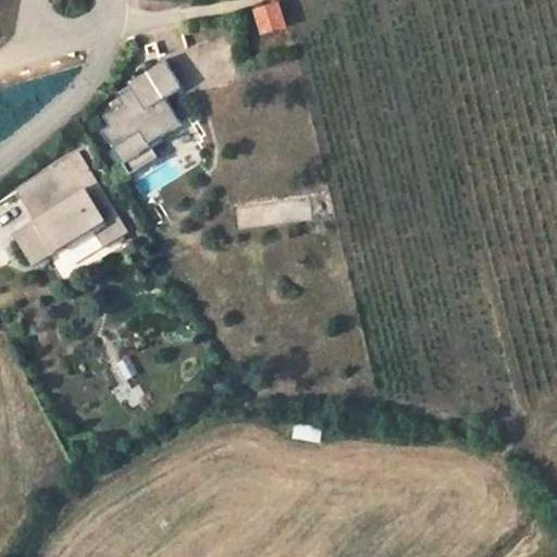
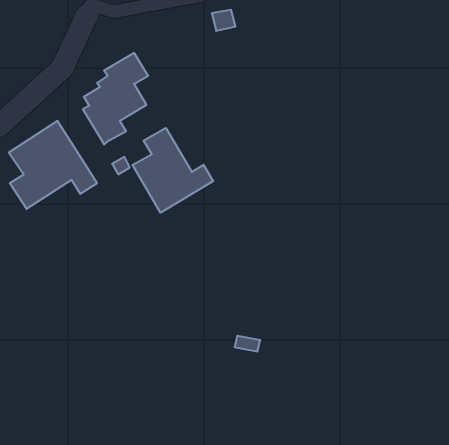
building: none -> [132,128,213,213]

